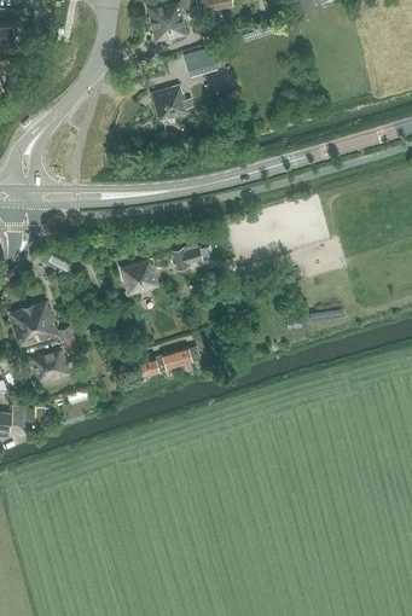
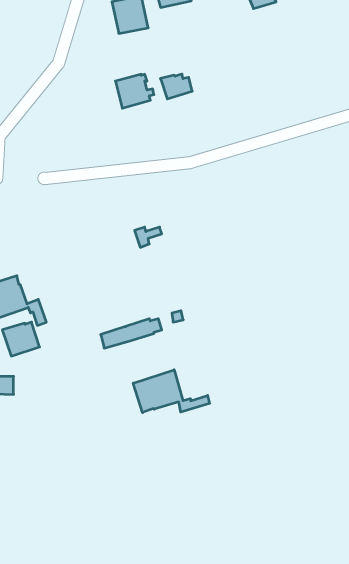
building: [184,50,217,76] -> [160,74,192,99]
building: [120,257,158,294] -> none
building: none -> [133,370,210,413]

